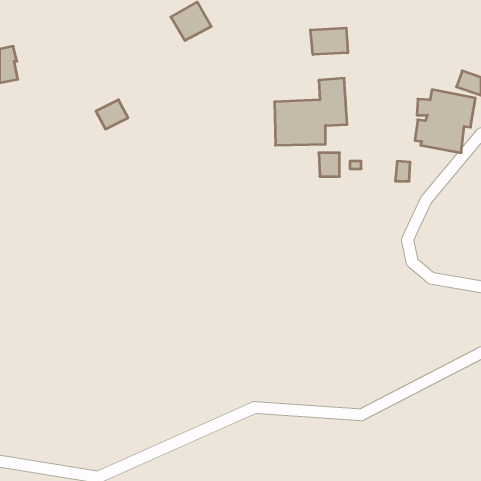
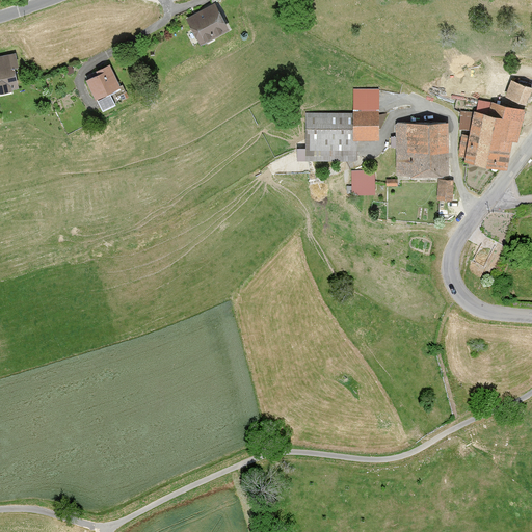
building: [310,28,348,55] -> none
building: [96,100,128,129] -> [86,66,122,99]
building: none -> [395,121,449,177]

